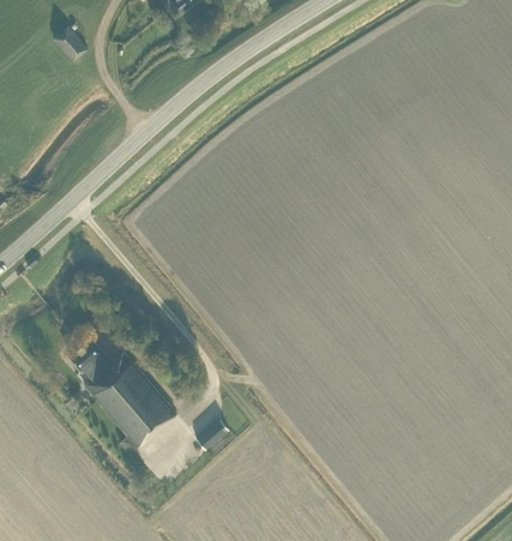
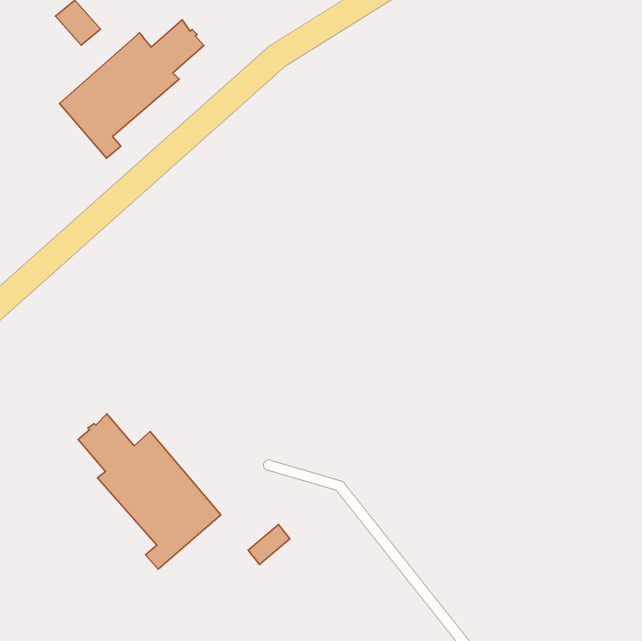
building: none -> [60,20,204,158]

